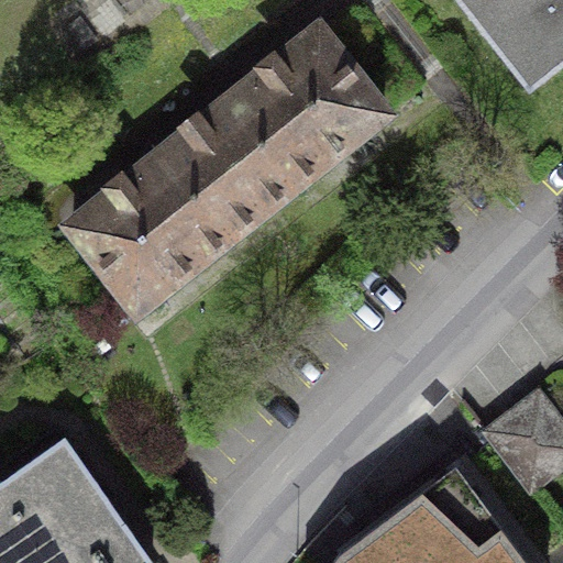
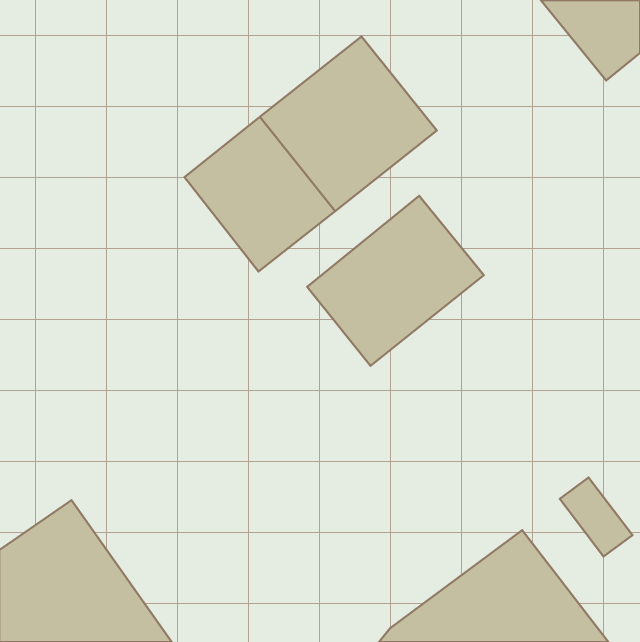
building: [71,155,227,309] -> none
building: none -> [307,196,484,366]

